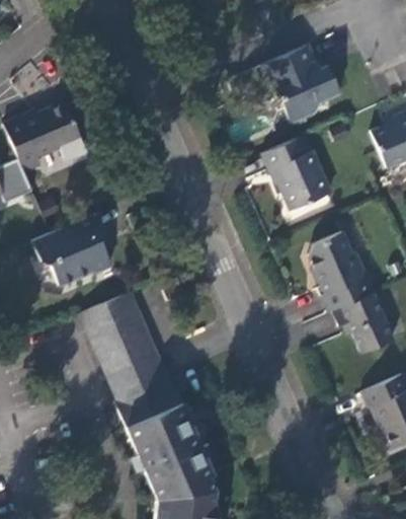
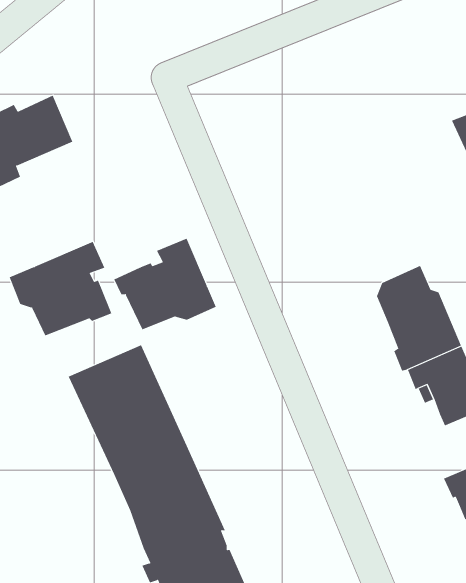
building: [263,46,340,124] -> none
building: [263,137,331,211] -> none
building: none -> [114,238,216,330]

